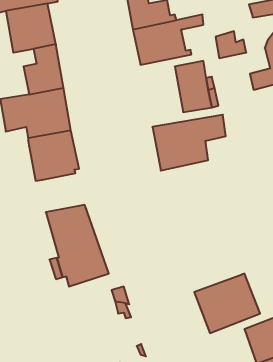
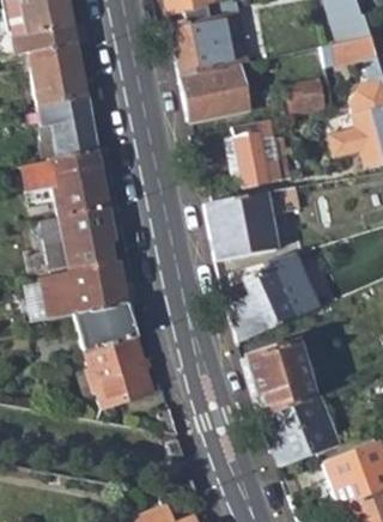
building: none -> [235,251,318,340]
building: none -> [37,261,120,317]
building: none -> [245,340,320,415]

